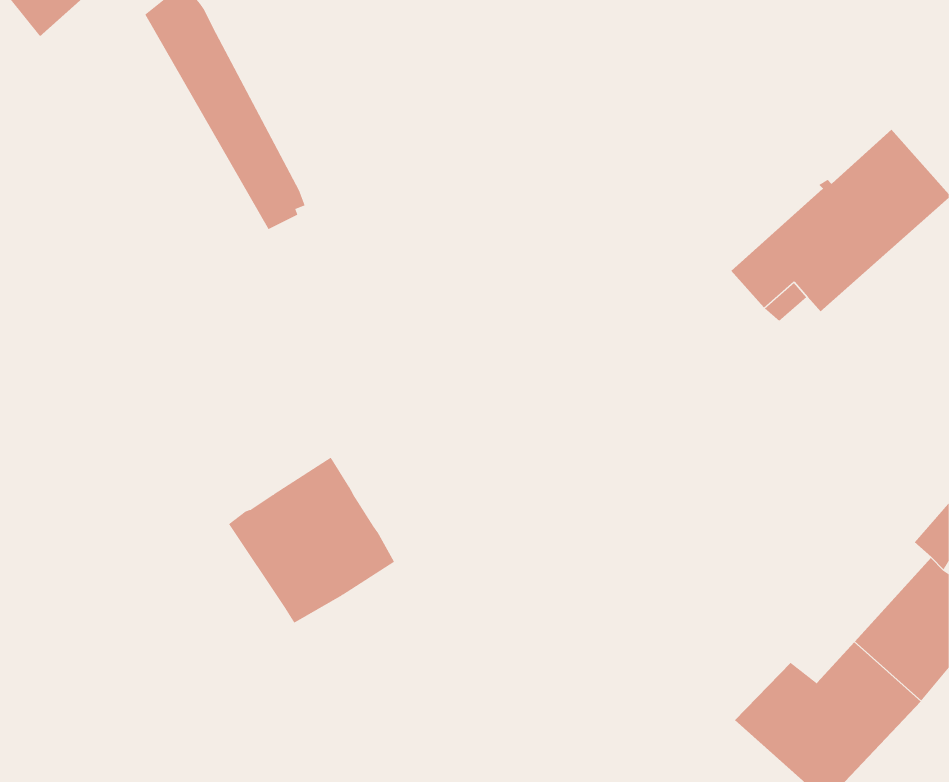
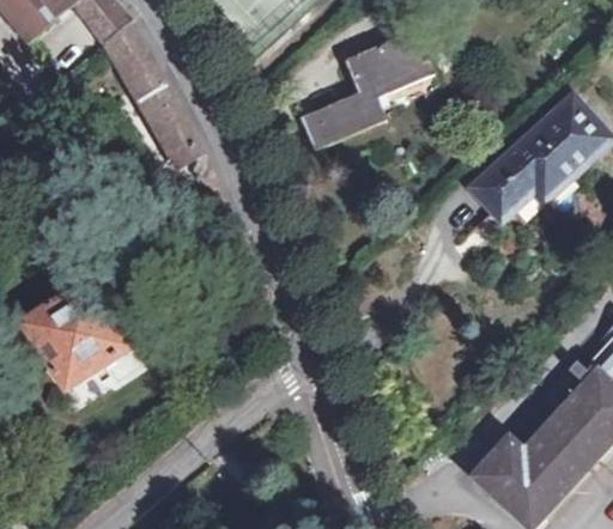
building: none -> [299,31,432,151]
building: [228,457,395,623] -> [20,279,127,385]

